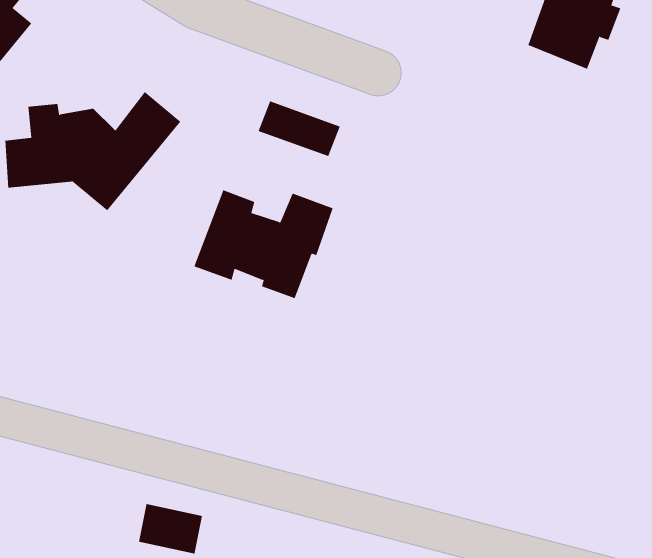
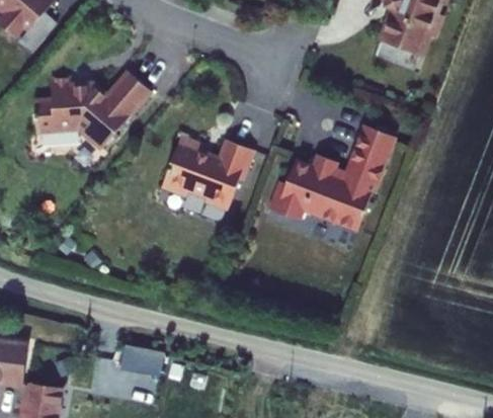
building: [258,101,340,157] -> none
building: none -> [268,124,394,230]

